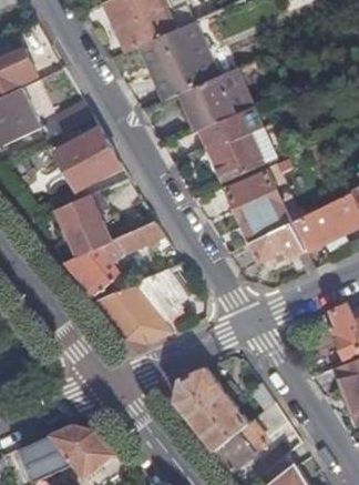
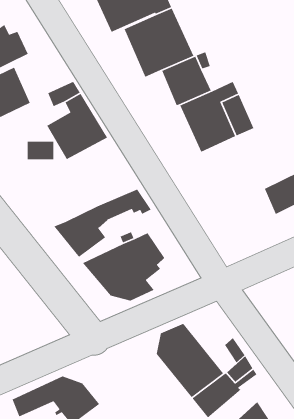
building: [225,171,281,225] -> none
building: [54,191,109,256] -> none
building: [248,221,302,261] -> none

